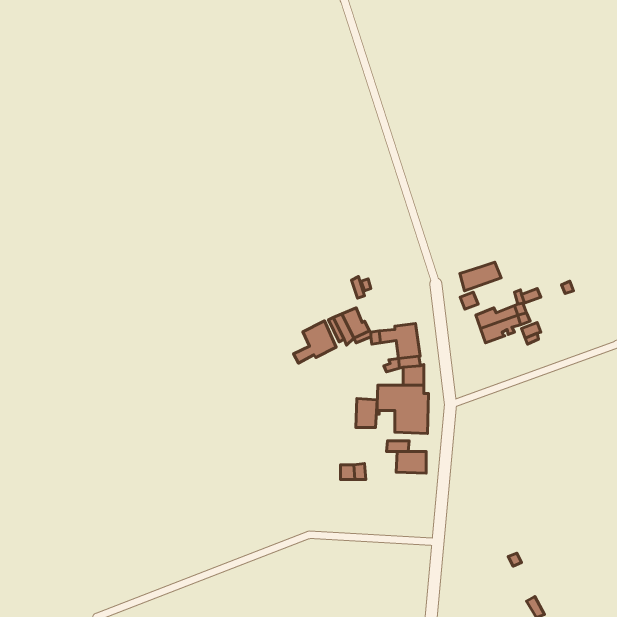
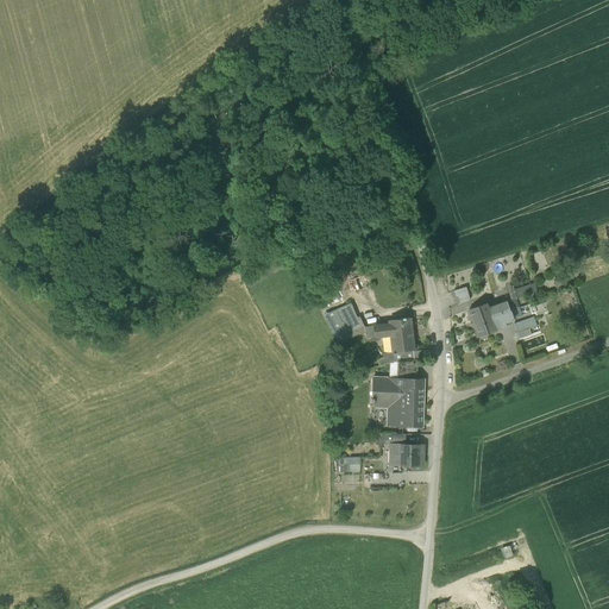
building: [460,262,501,291] -> none
building: [294,321,336,363] -> none
building: [356,398,377,428] -> none

